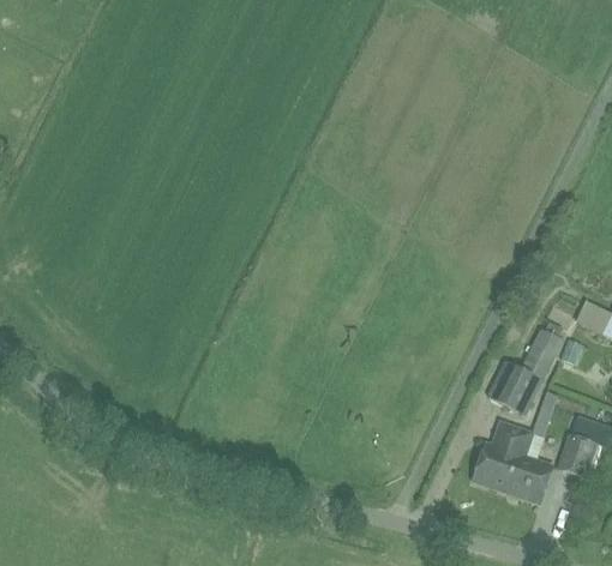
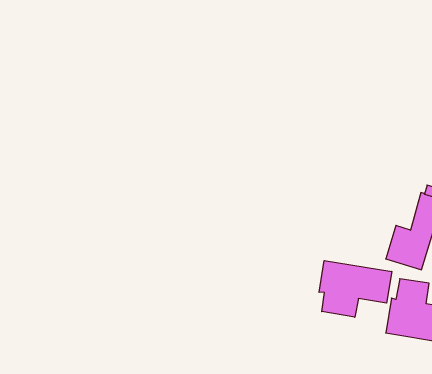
building: none -> [319,261,392,317]

